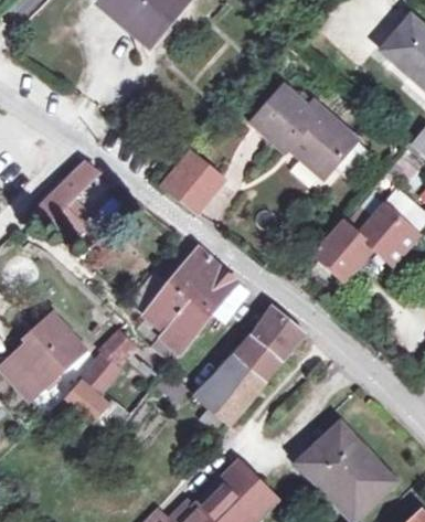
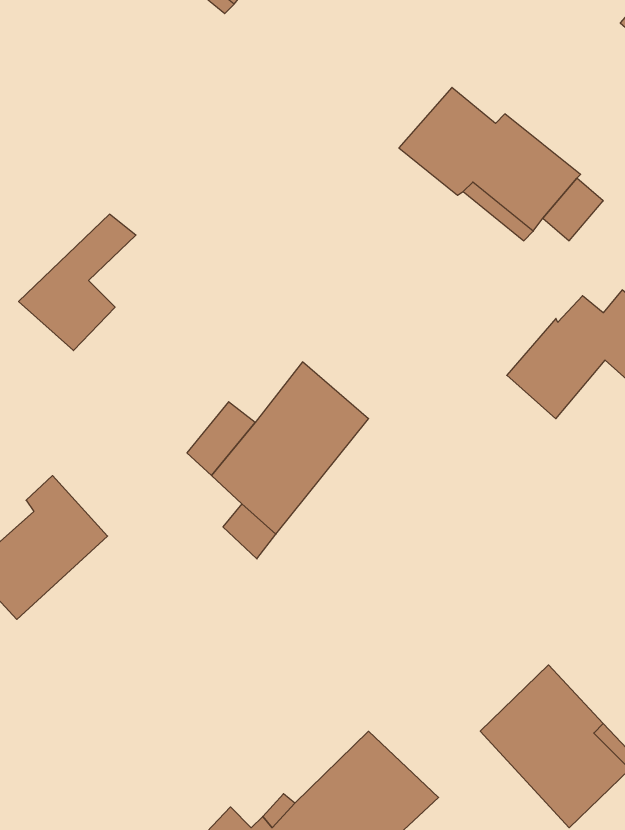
building: [164,153,222,211] -> none
building: [194,307,305,435] -> none
building: [65,332,131,434] -> none

